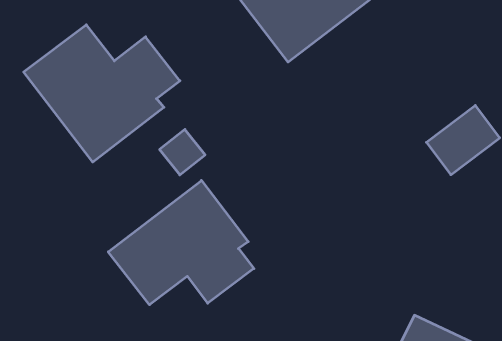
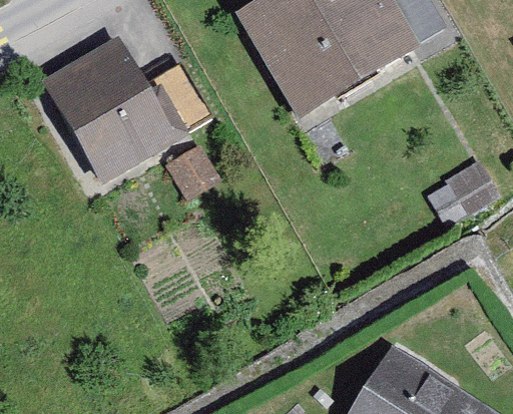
building: [108,180,254,305] -> none

